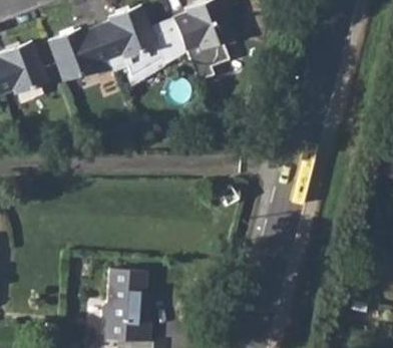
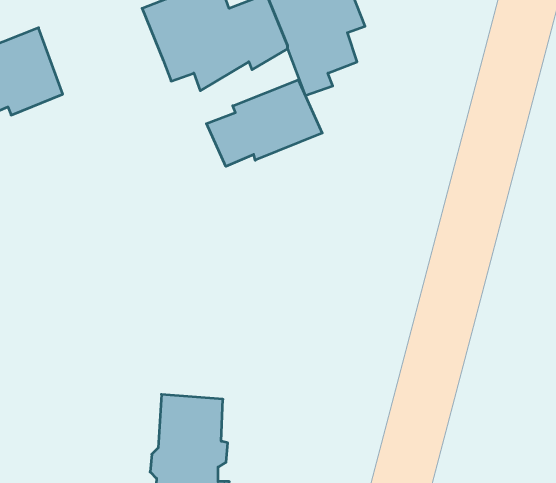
building: [49,28,109,83] -> none
building: none -> [206,80,322,166]

